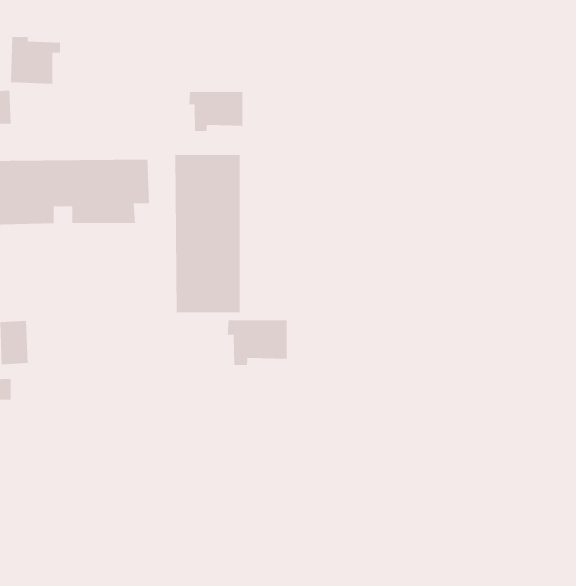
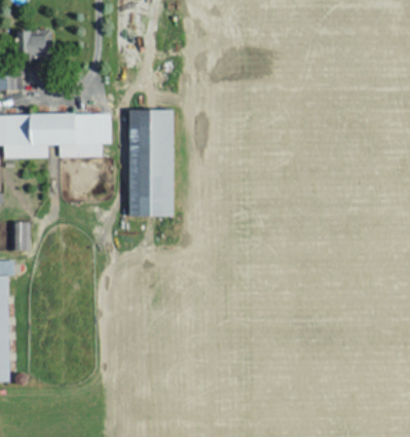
building: [189,91,243,132] -> none
building: [227,319,287,366] -> none

